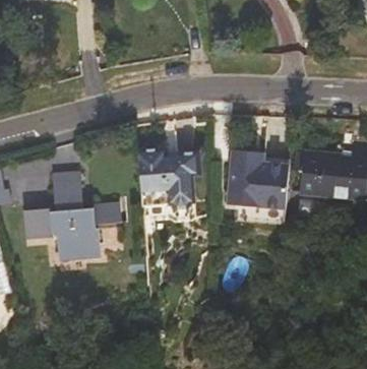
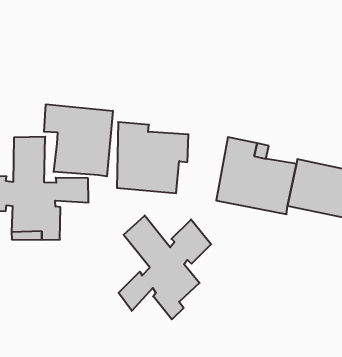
building: none -> [44,104,113,176]
building: none -> [119,215,211,319]

